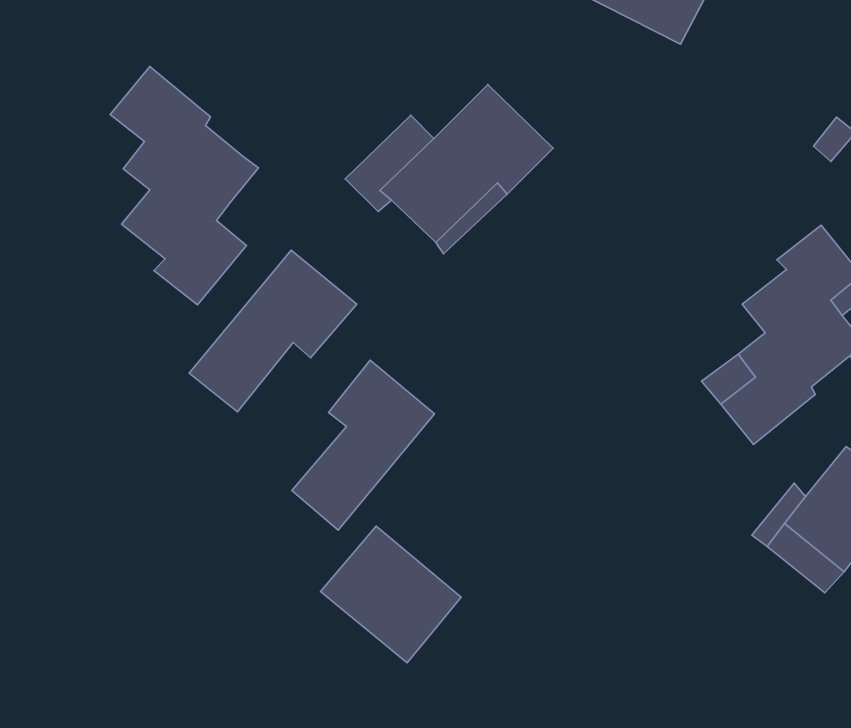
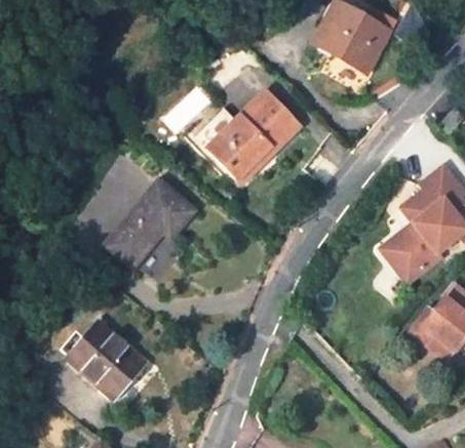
building: [110,67,259,305] -> none
building: [292,360,435,530] -> none
building: [320,526,461,663] -> [68,322,143,395]

